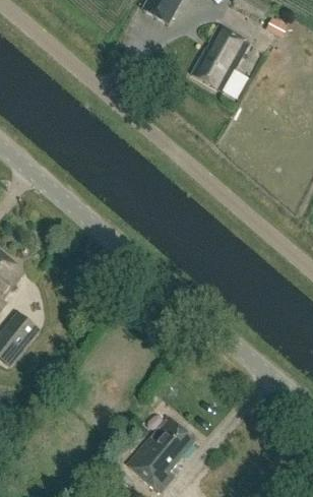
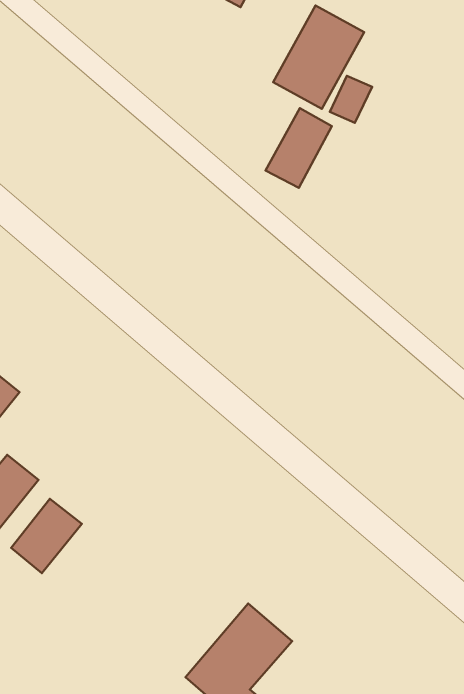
building: none -> [265,108,332,188]
building: none -> [11,499,82,573]

